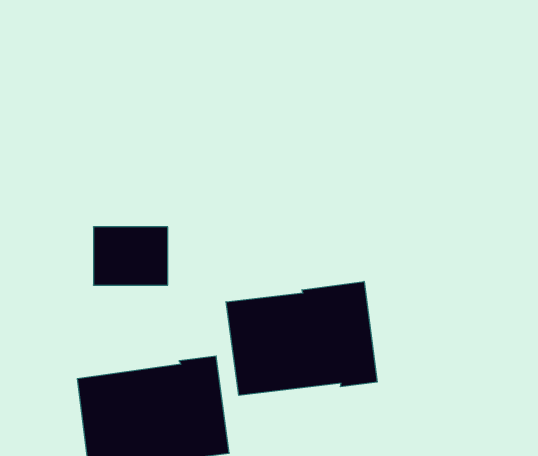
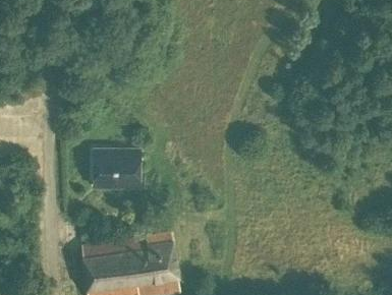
building: [226,281,377,395] -> none

